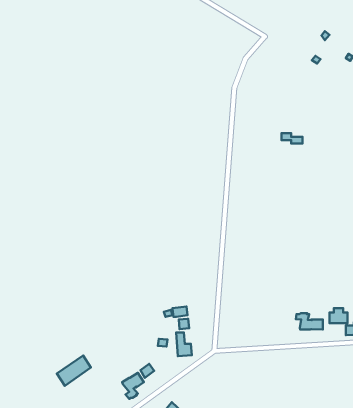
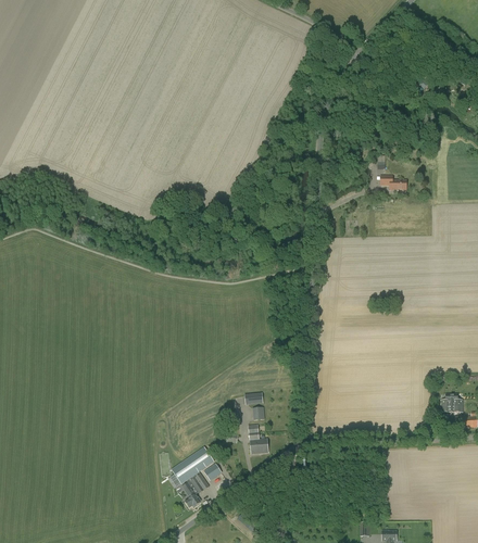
building: [296,313,323,330] -> none
building: [57,355,91,386] -> [172,447,214,485]

